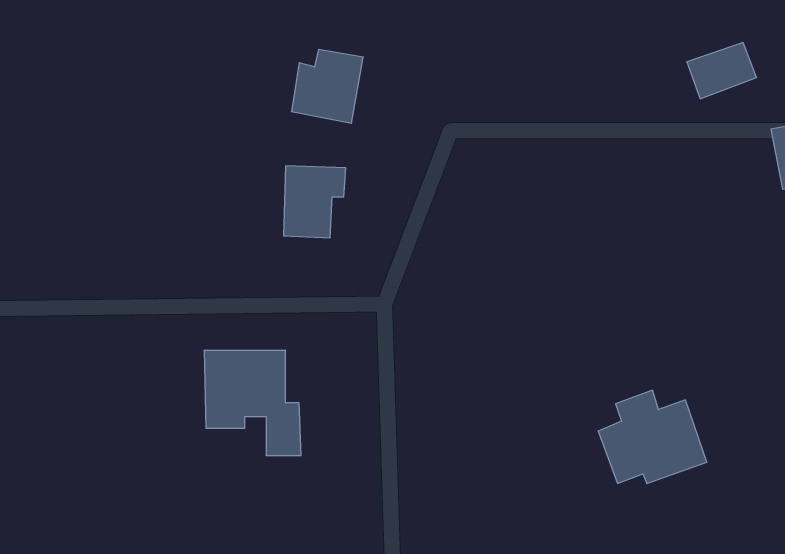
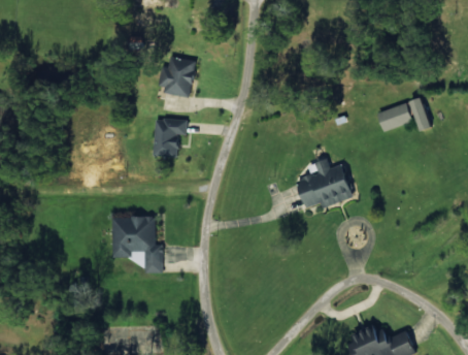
building: [687,42,757,99] -> [375,102,412,132]
building: [598,390,707,483] -> [297,158,355,207]

